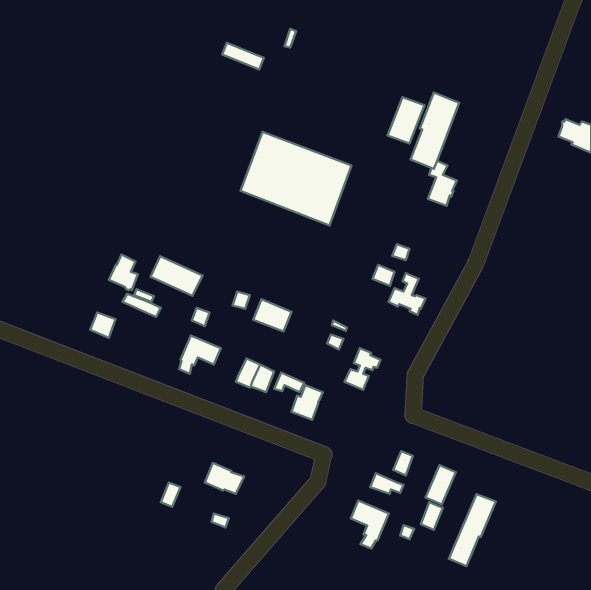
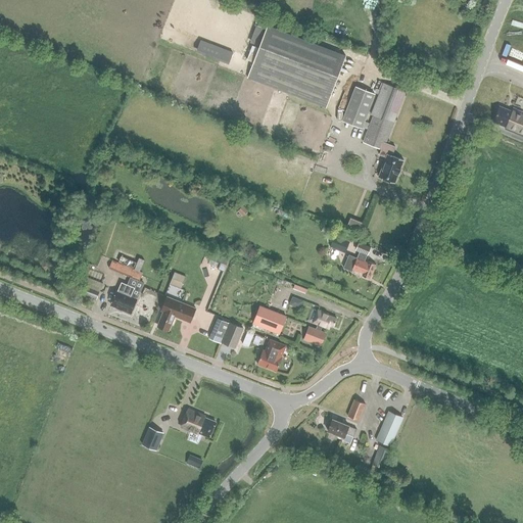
building: [241,132,352,226] -> [247,25,345,107]
building: [109,254,138,290] -> [110,281,136,313]
building: [150,256,203,296] -> none
building: [253,299,291,332] -> [252,304,286,333]
building: [449,494,496,566] -> none
building: [351,501,389,549] -> none

